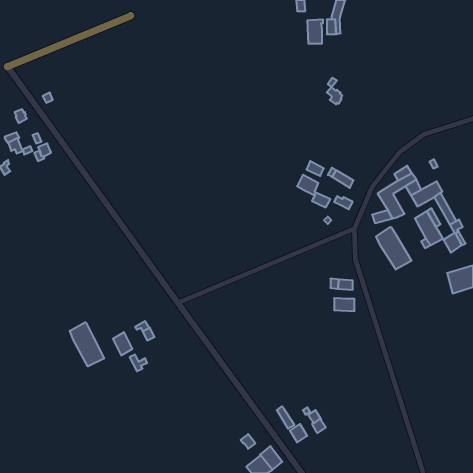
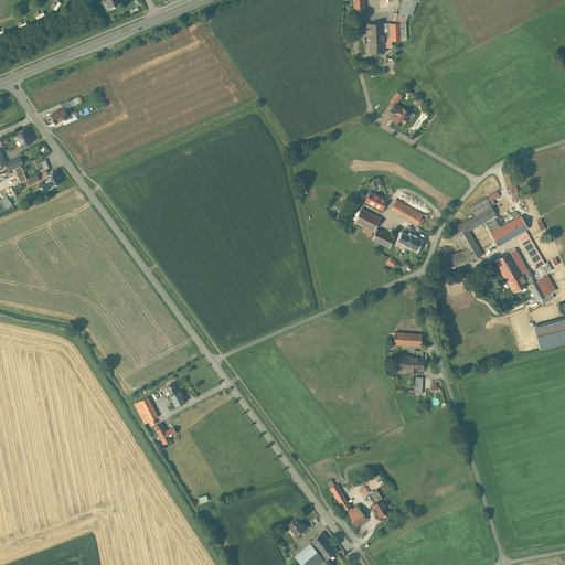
building: [376,227,411,270] -> none
building: [70,322,104,366] -> none

